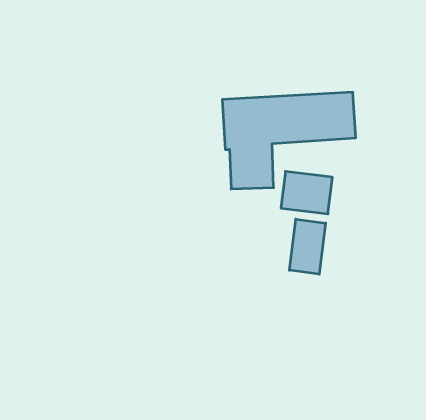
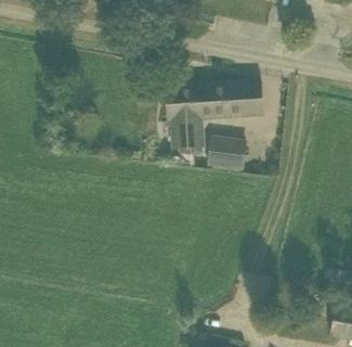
building: [289,219,326,274] -> none

